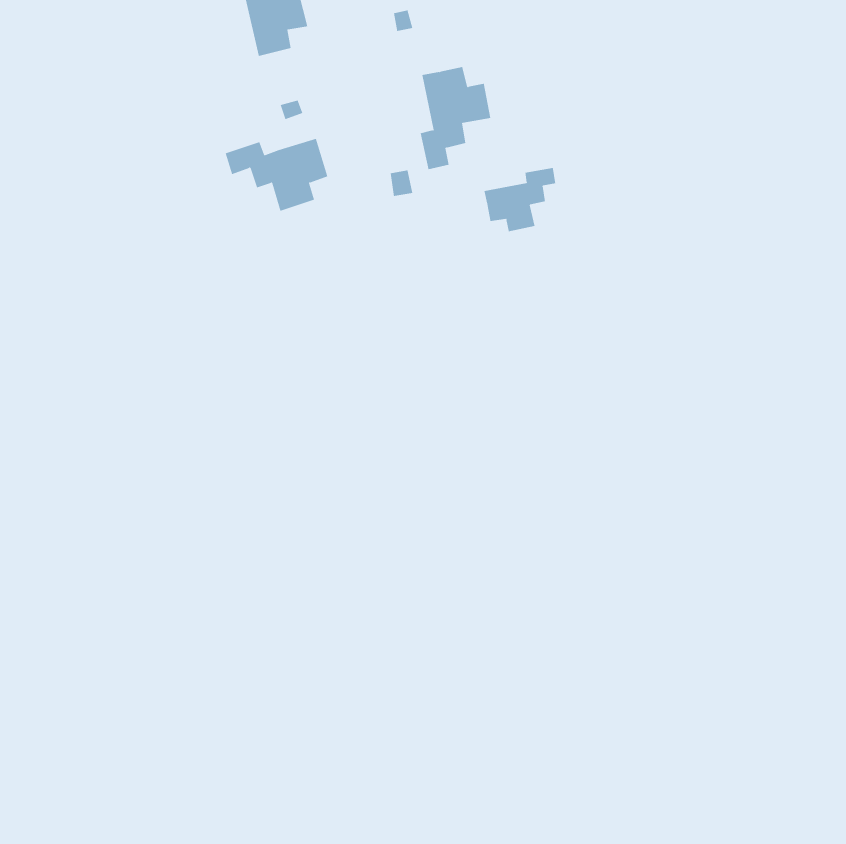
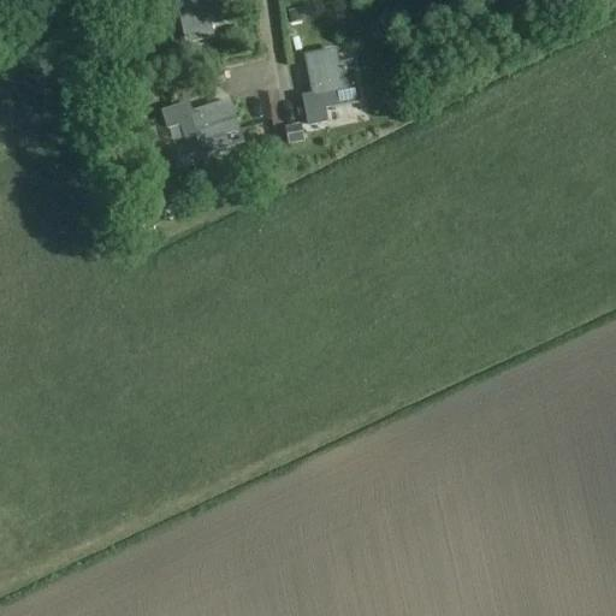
building: [484,167,556,232] -> none

